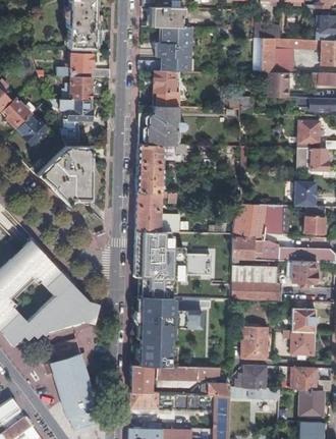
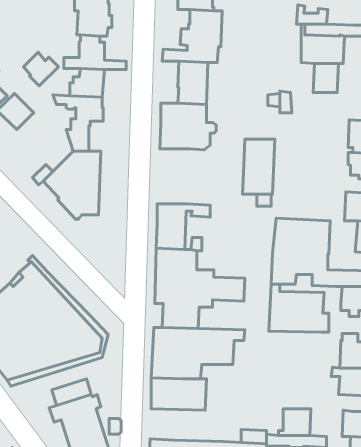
building: [17,116,47,145] -> [24,52,58,86]
building: [136,145,164,191] -> [242,139,275,194]
building: [241,326,269,360] -> none
building: [130,366,218,392] -> none

